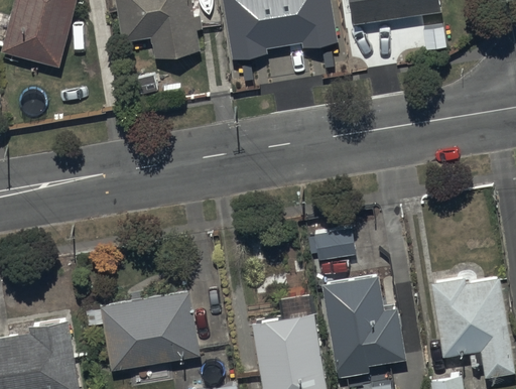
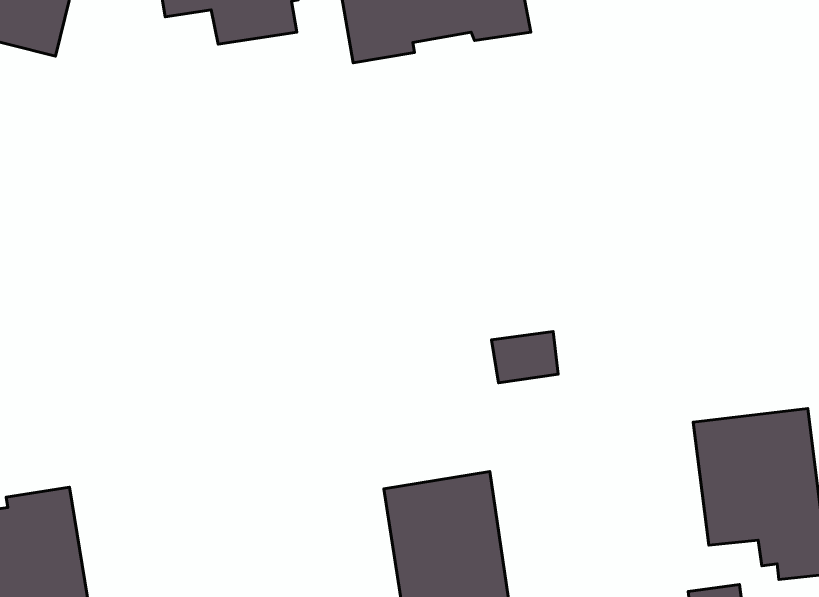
building: [322,272,407,377] -> none
building: [85,290,200,371] -> none

